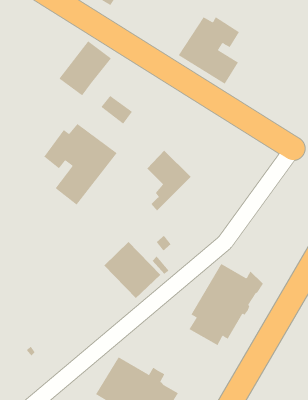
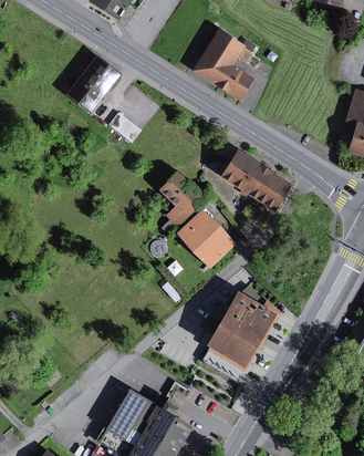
building: [43,123,117,206] -> none
building: none -> [218,149,291,213]
building: [103,241,161,299] -> [175,209,236,270]

